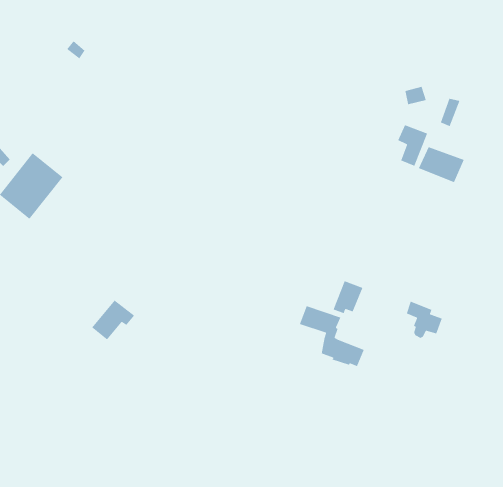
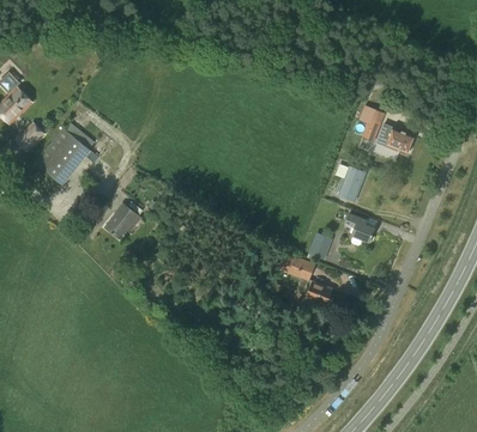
building: none -> [337,165,366,201]
building: [91,299,135,341] -> [104,205,140,238]
building: [406,301,443,339] -> [345,213,375,244]

